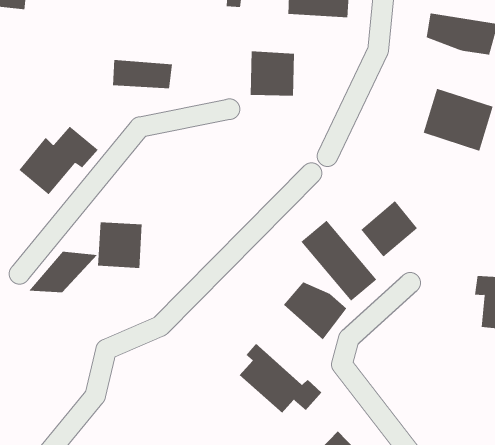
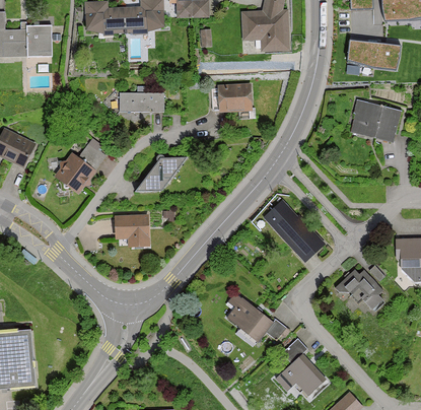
building: [360,200,418,258] -> none
building: [28,251,98,293] -> [135,158,185,189]
building: [283,281,347,340] -> none
building: none -> [335,268,382,313]

